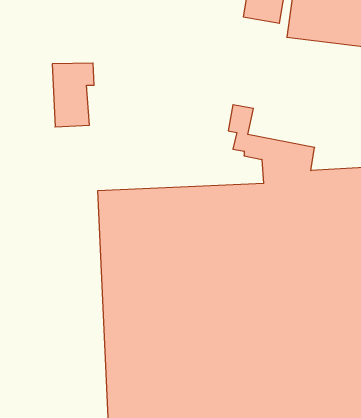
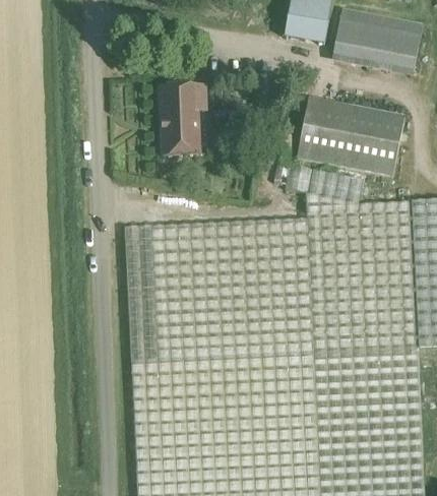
building: [52,63,94,127] -> [160,86,205,157]
building: none -> [297,98,405,179]

